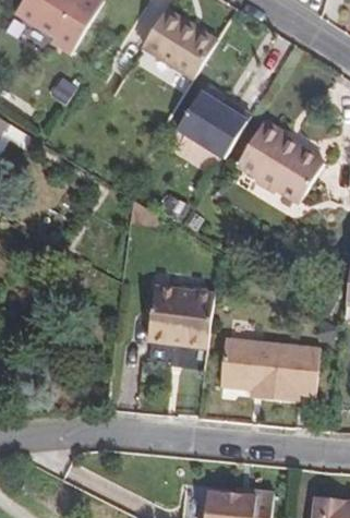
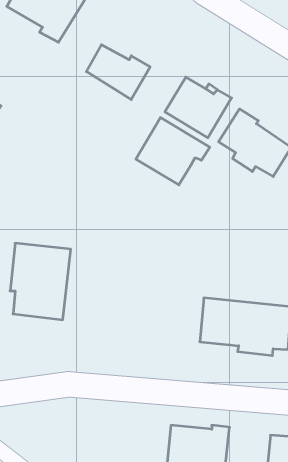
building: [144,17,214,77] -> [86,45,150,100]
building: none -> [136,118,210,185]
building: [146,284,213,368] -> [10,243,71,320]

